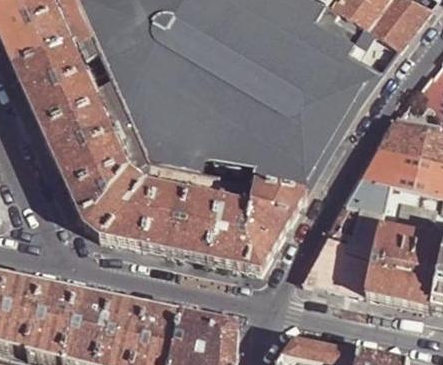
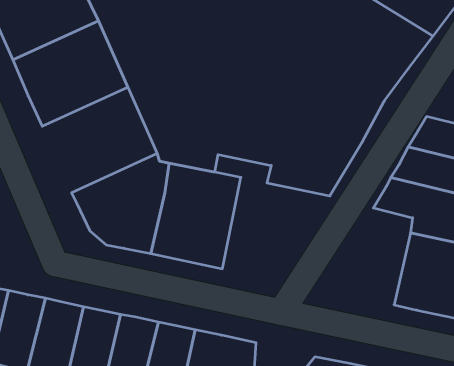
building: [41,91,147,188] -> none
building: [207,174,306,269] -> none
building: [302,202,382,291] -> none

